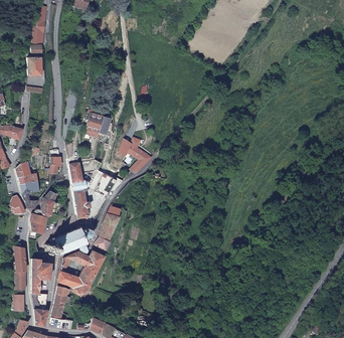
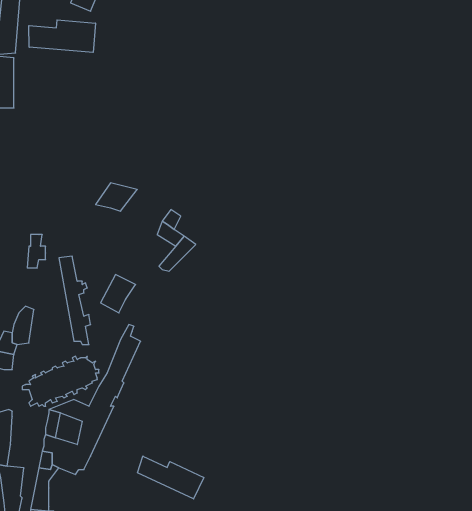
building: none -> [29,20,95,52]
building: none -> [137,456,204,499]

